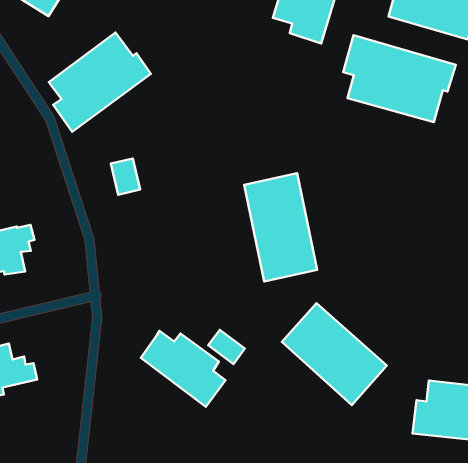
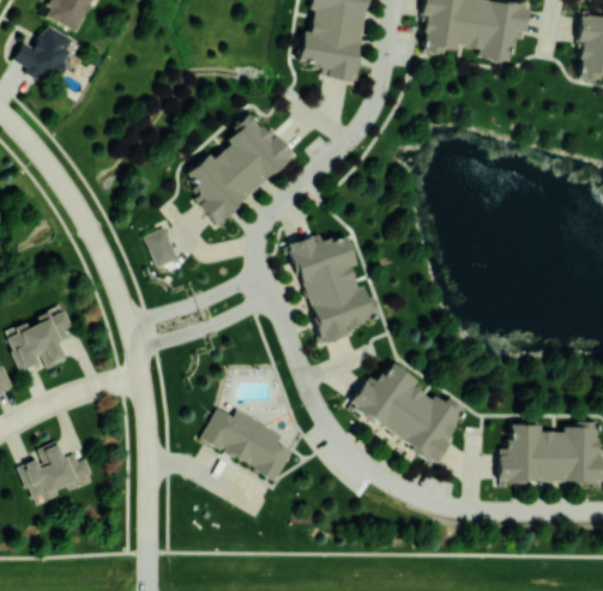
building: [49,33,151,132] -> [186,114,294,225]
building: [343,35,456,122] -> none
building: [208,330,245,364] -> none

